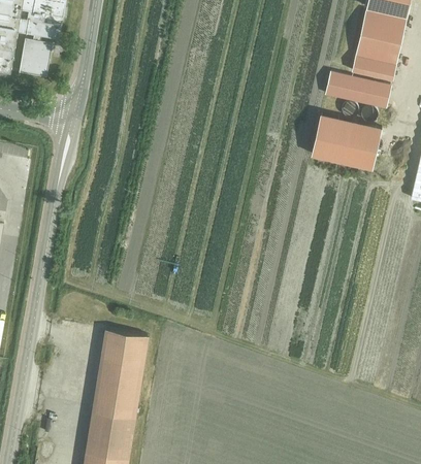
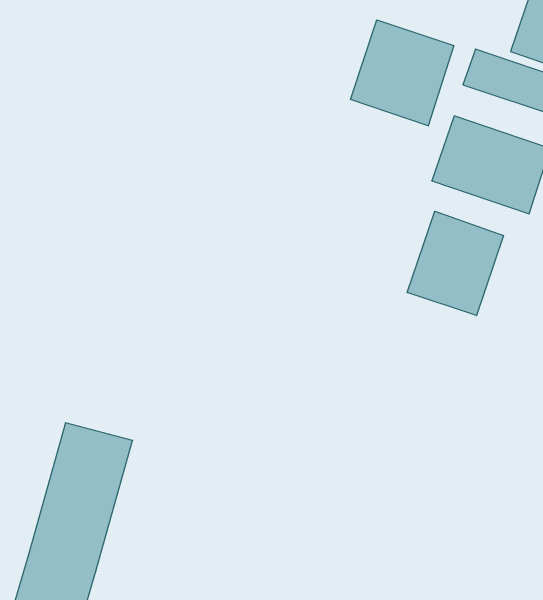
building: none -> [350,20,454,126]
building: none -> [407,211,503,316]

